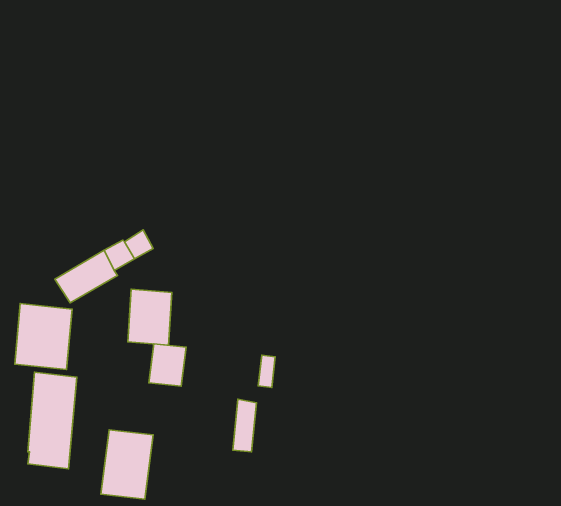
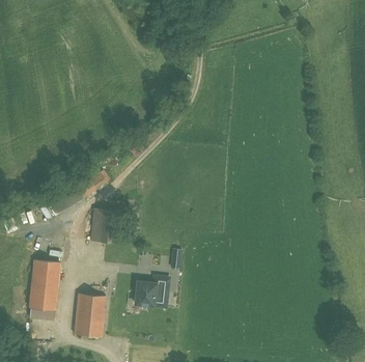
building: [15,304,72,370] -> none
building: [149,344,186,386] -> [134,279,157,305]

